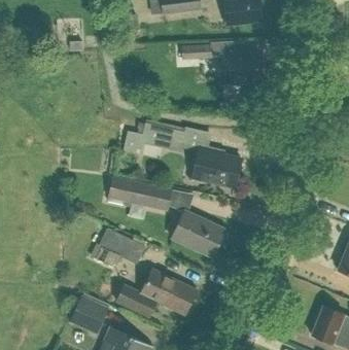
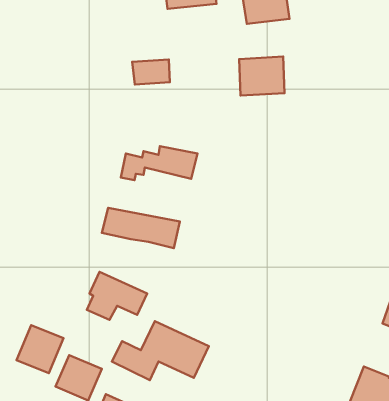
building: [180,44,211,65] -> [132,59,170,85]
building: [191,148,240,186] -> none
building: [170,209,226,256] -> none
building: none -> [16,325,63,373]

